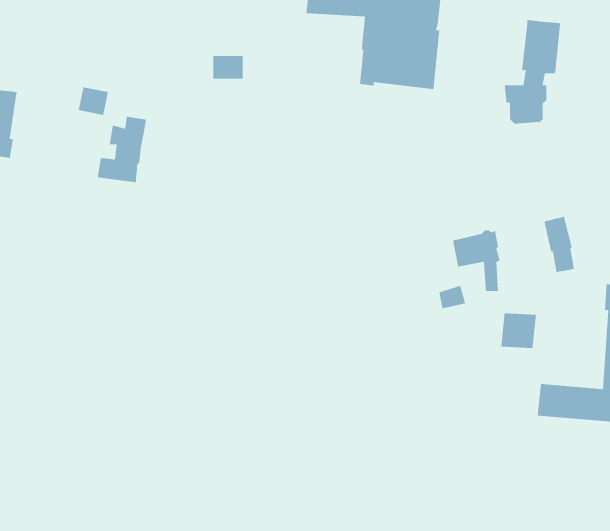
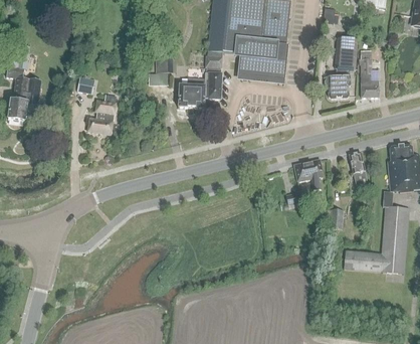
building: none -> [177,34,243,108]
building: none -> [360,58,379,98]

